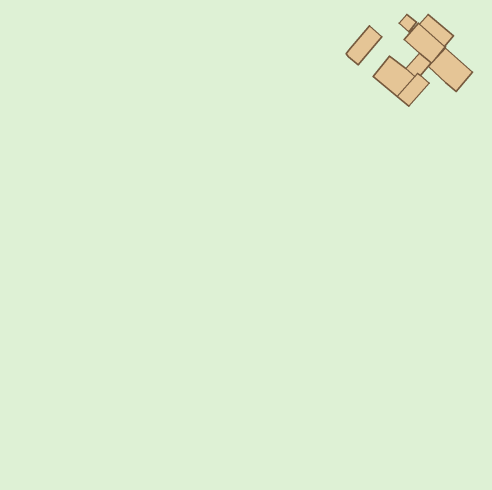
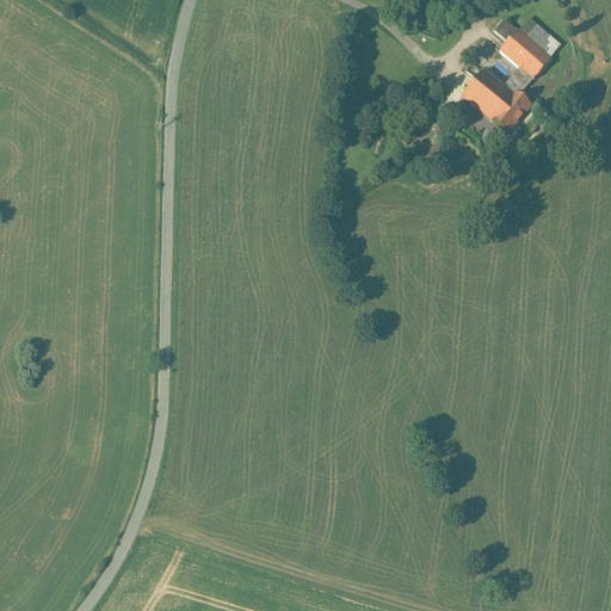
building: [346,26,382,65] -> none
building: [429,48,473,91] -> none

